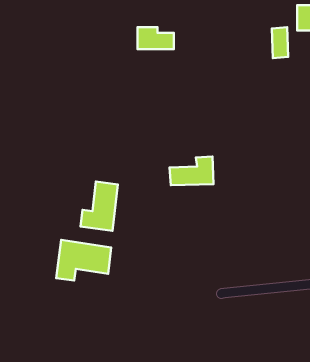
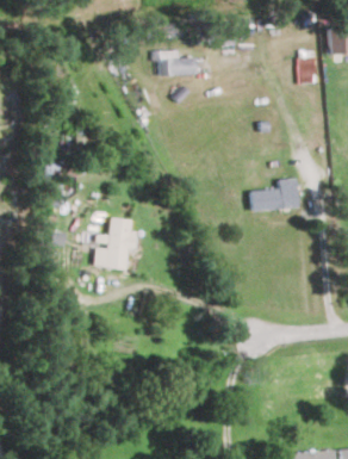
building: [170,157,214,185] -> [250,179,298,210]
building: [56,240,111,281] -> none

